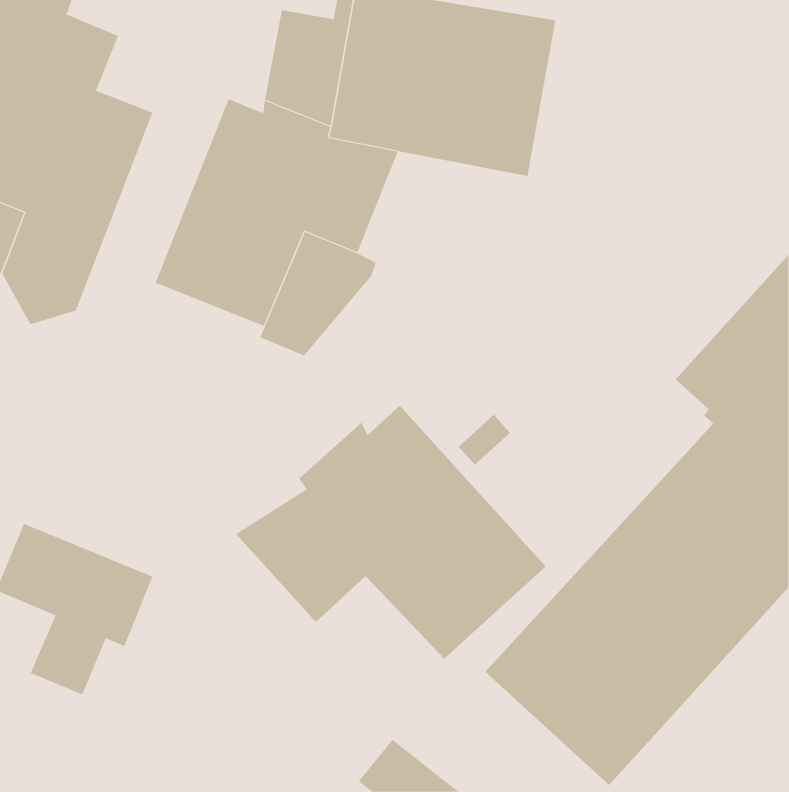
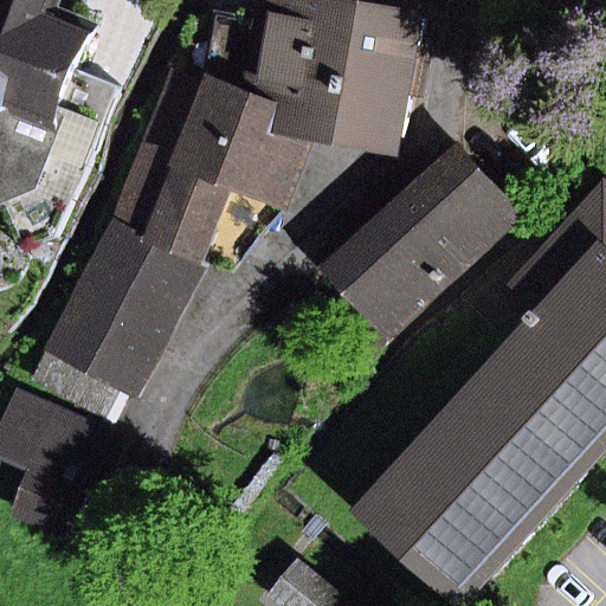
building: none -> [336,150,515,323]
building: none -> [38,224,194,411]
building: [235,405,546,659] -> none

